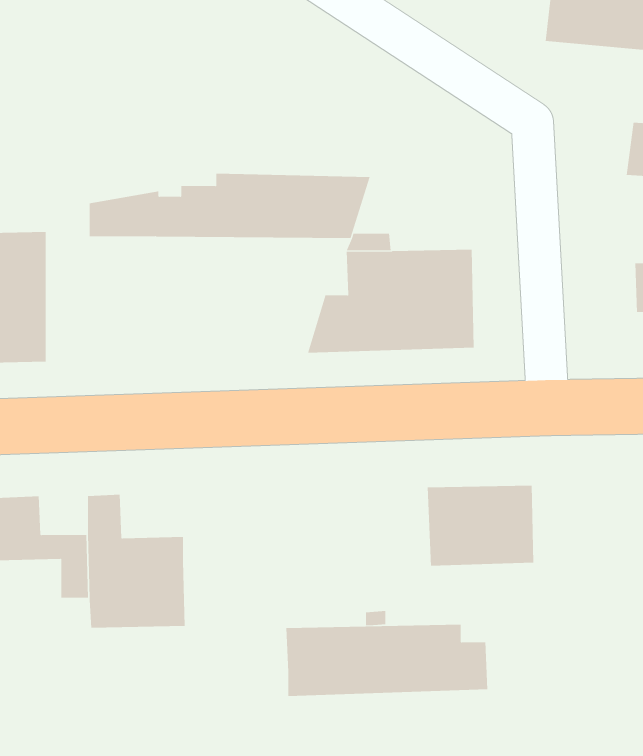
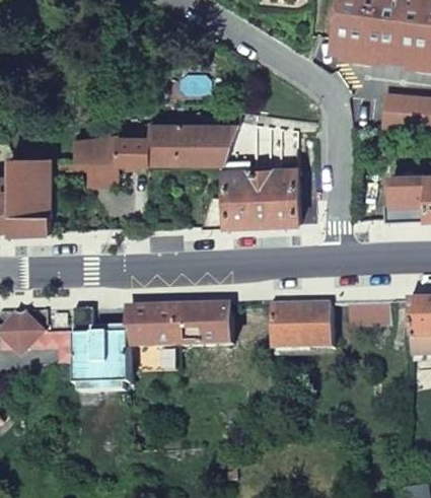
building: none -> [50,161,113,186]
building: none -> [347,302,388,328]
building: [286,624,488,697] -> [128,306,244,348]

